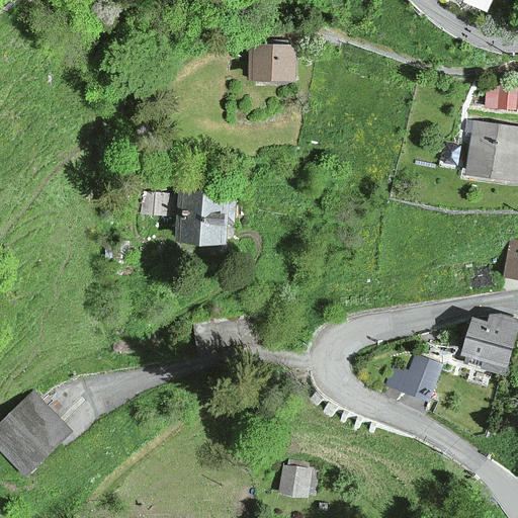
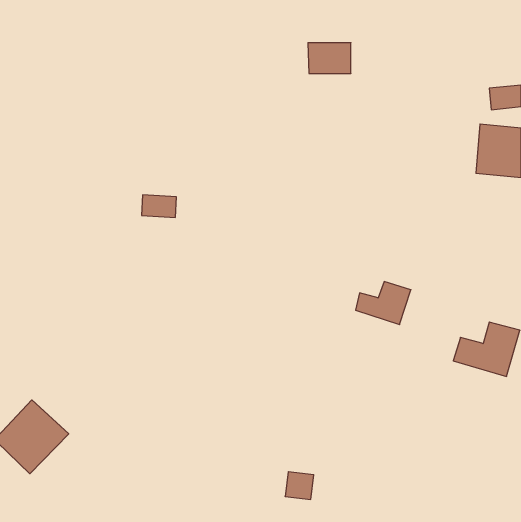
building: [254,46,296,76] -> [308,43,351,73]
building: [181,192,230,238] -> none
building: [384,357,439,400] -> [356,282,411,325]

